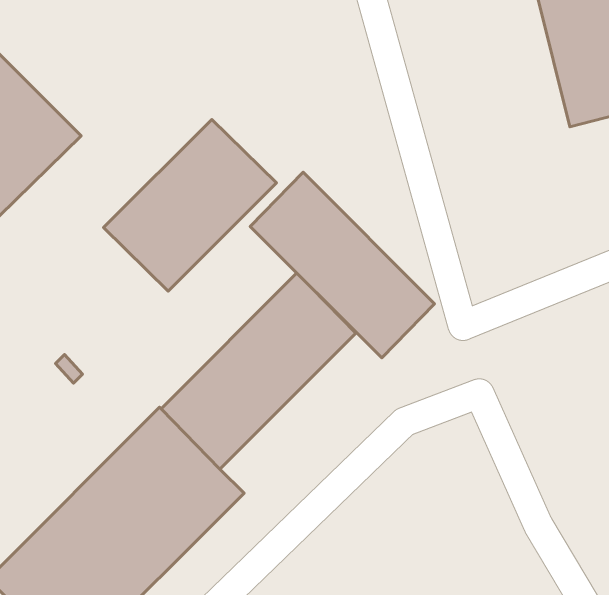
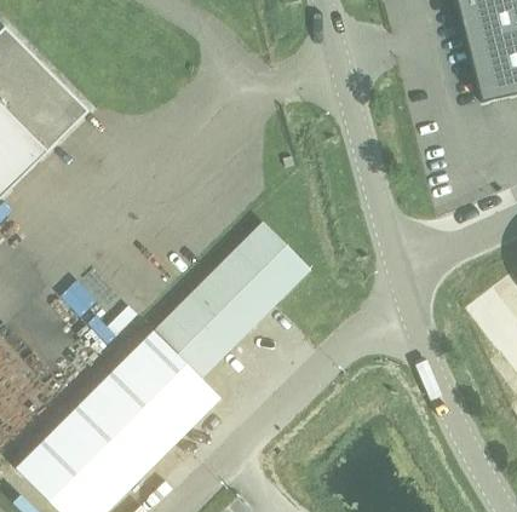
building: [104,120,277,291] -> none
building: [250,172,435,358] -> none

